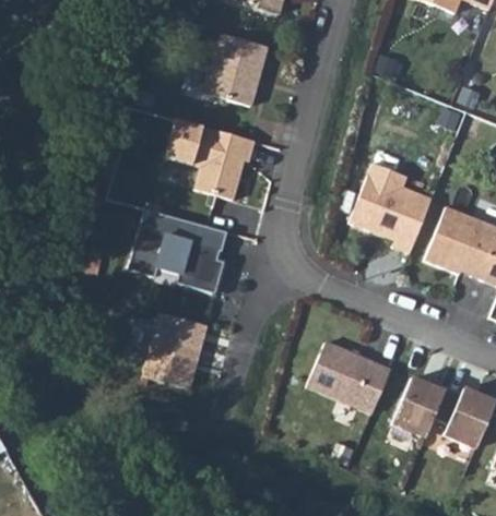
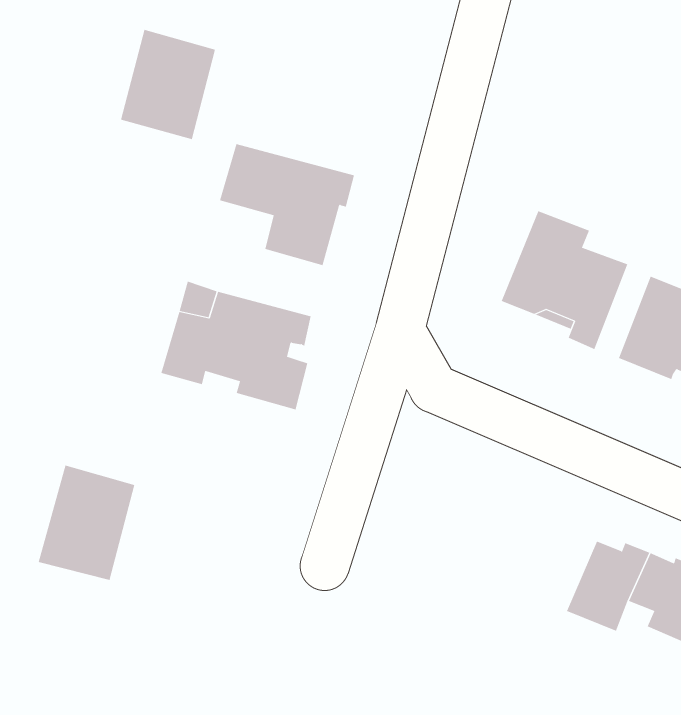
building: [205,34,268,106] -> [120,29,216,140]
building: [143,313,206,388] -> [38,465,135,581]
building: [308,343,391,415] -> none

